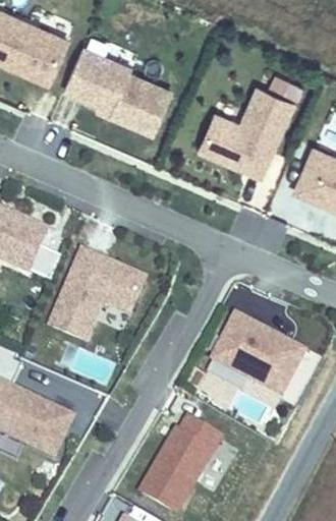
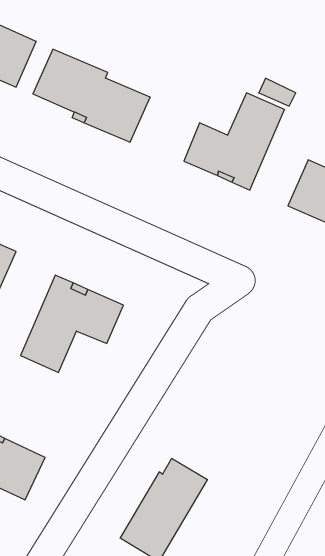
building: [213,313,304,393] -> none

